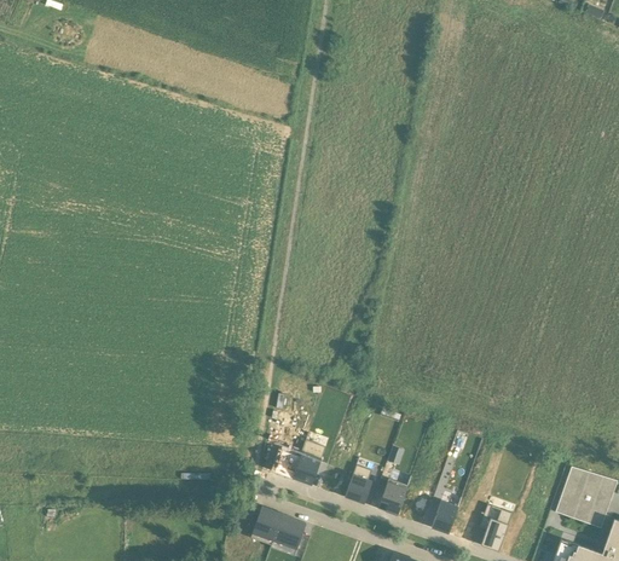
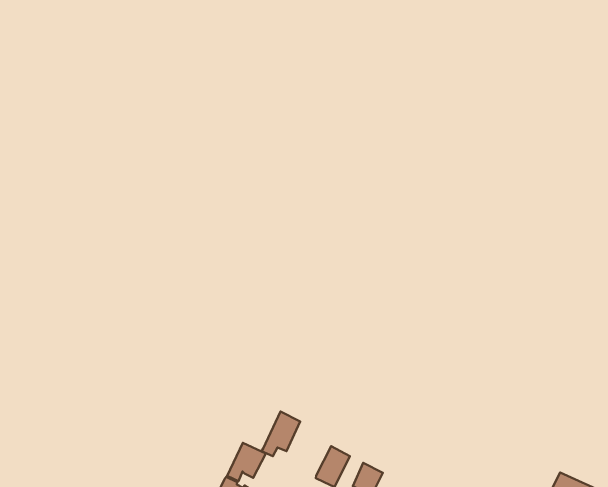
building: none -> [227,443,266,481]

